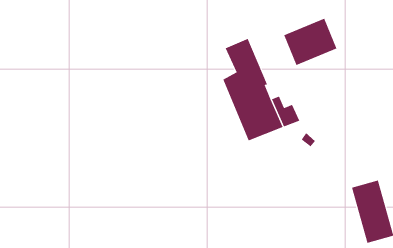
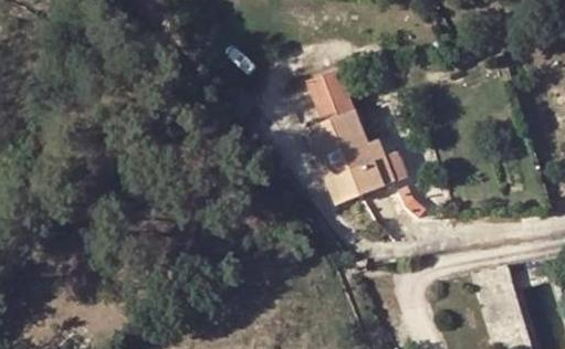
building: [283,18,337,66] -> none

